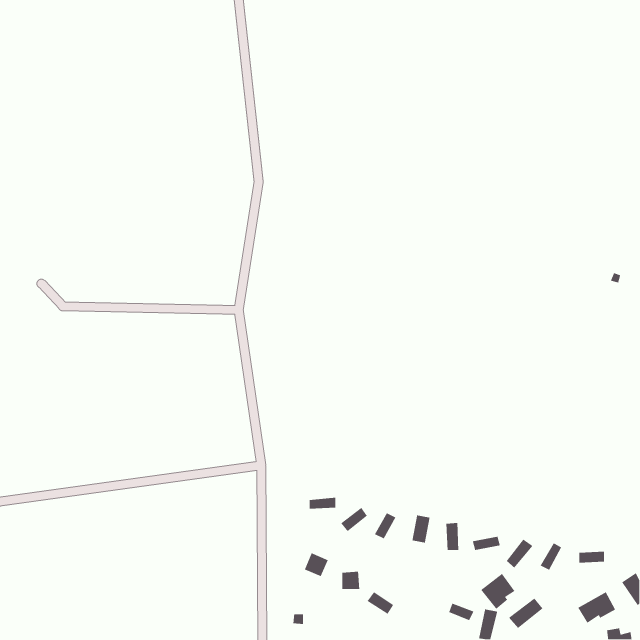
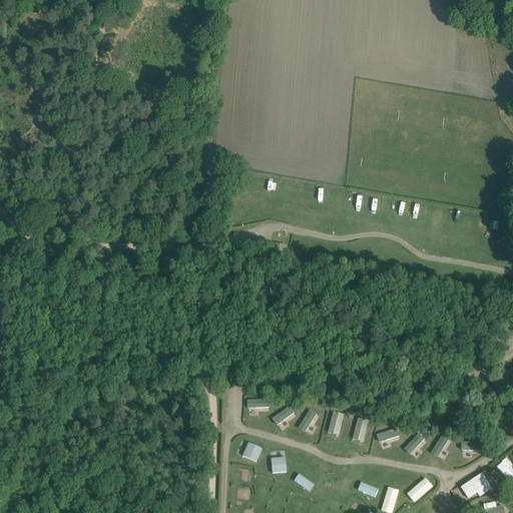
building: [480,573,516,610] -> none

